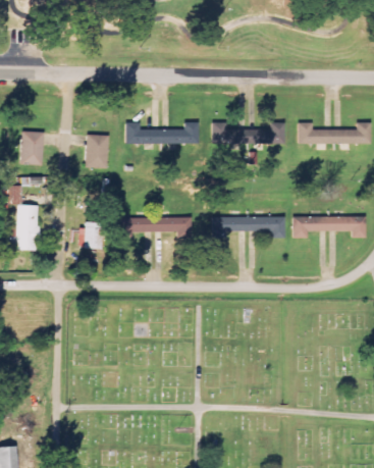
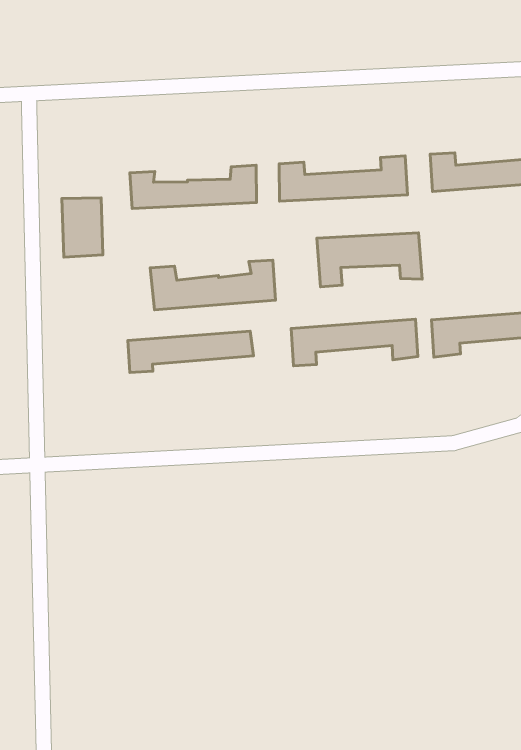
building: none -> [317,233,422,287]
building: none -> [150,260,275,310]
building: [79,222,102,249] -> none

